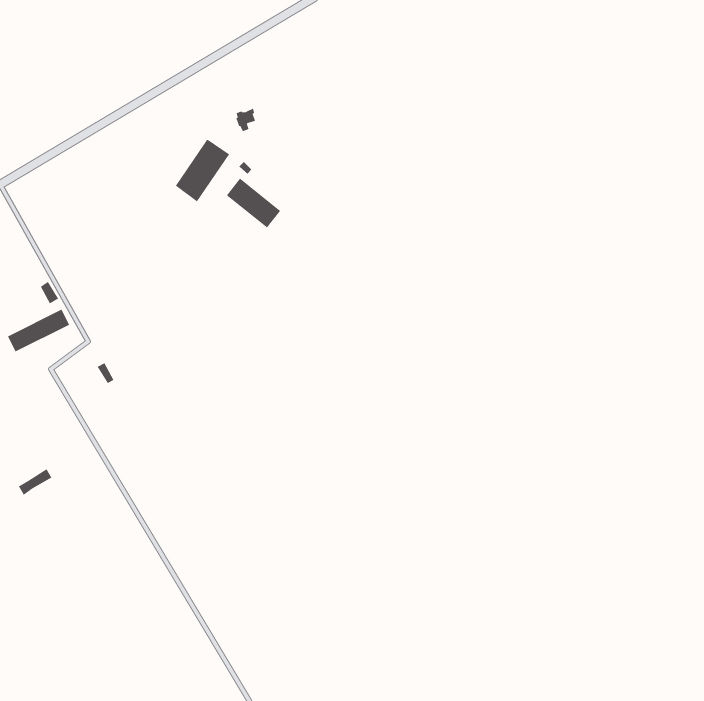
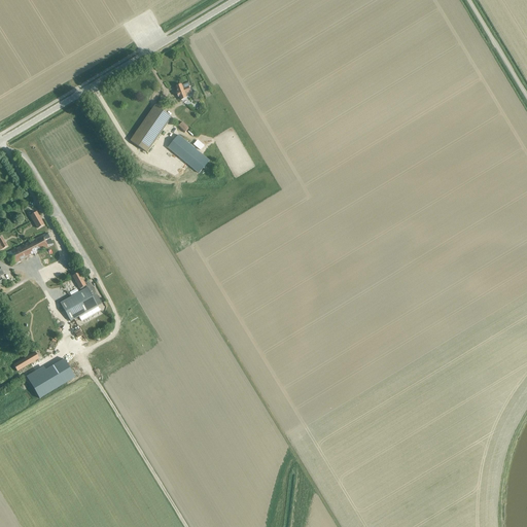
building: none -> [60,286,98,319]
building: none -> [28,362,66,396]

